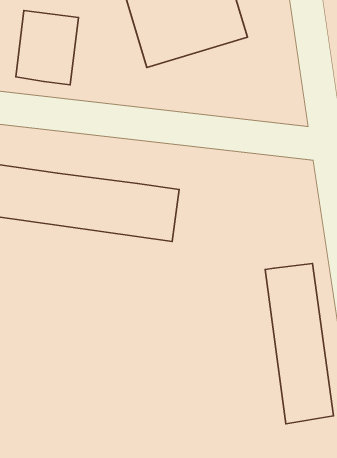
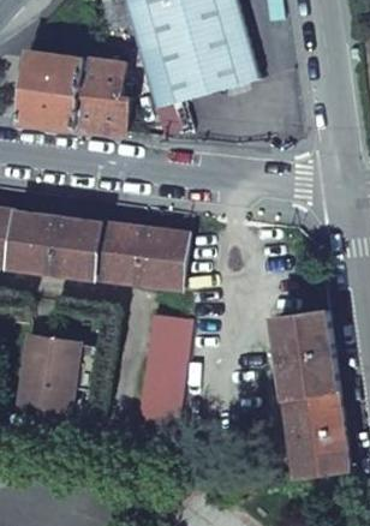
building: none -> [74,58,129,133]
building: none -> [137,316,190,429]
building: none -> [19,336,76,413]

